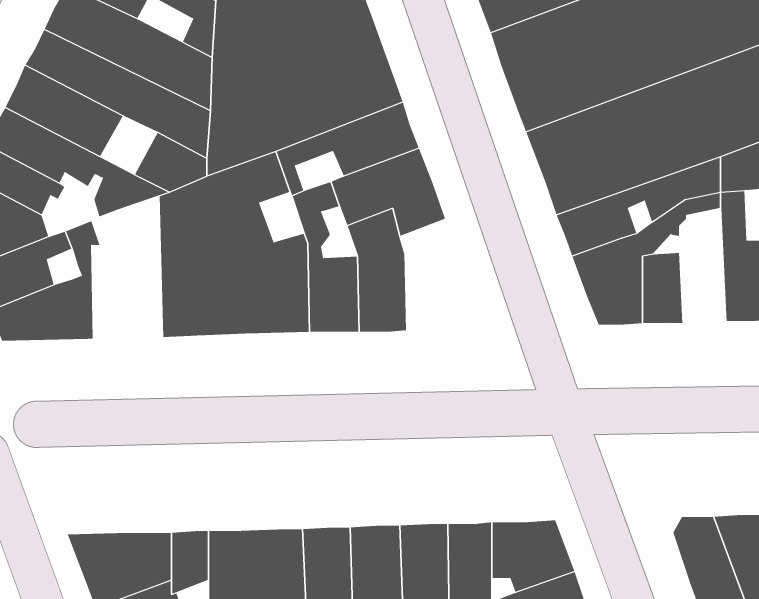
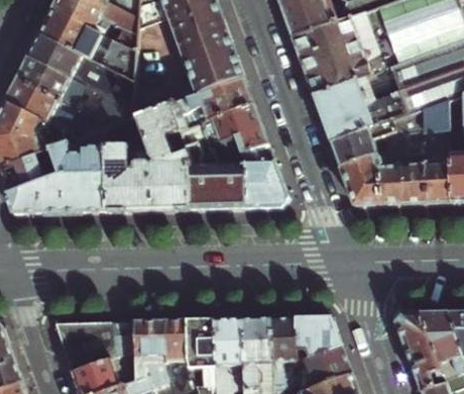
building: none -> [66,131,106,213]
building: none -> [400,138,427,204]
building: none -> [241,144,287,208]

